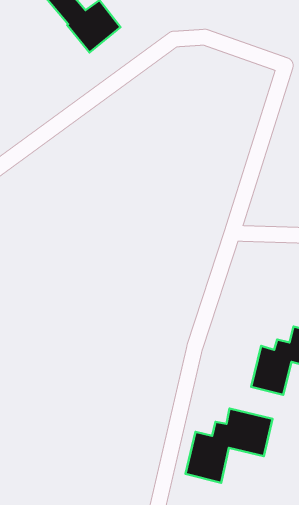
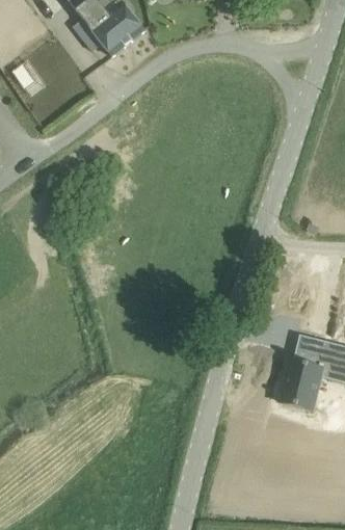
building: [185,408,273,483] -> none

